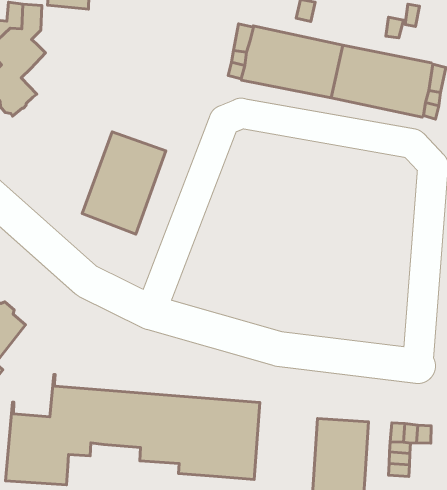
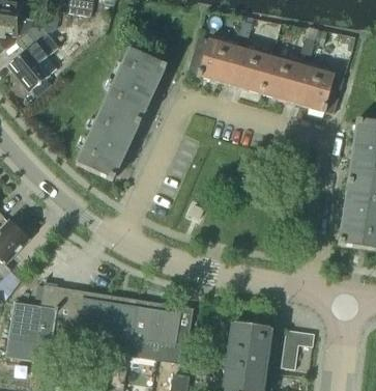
building: none -> [102,47,166,121]

